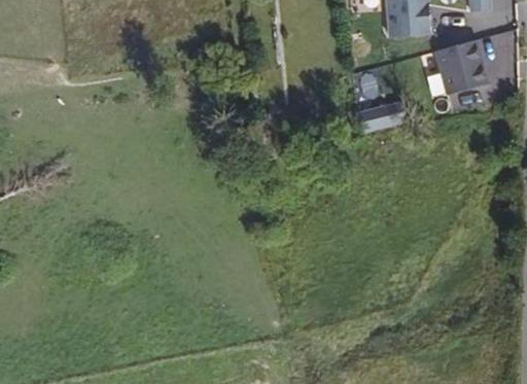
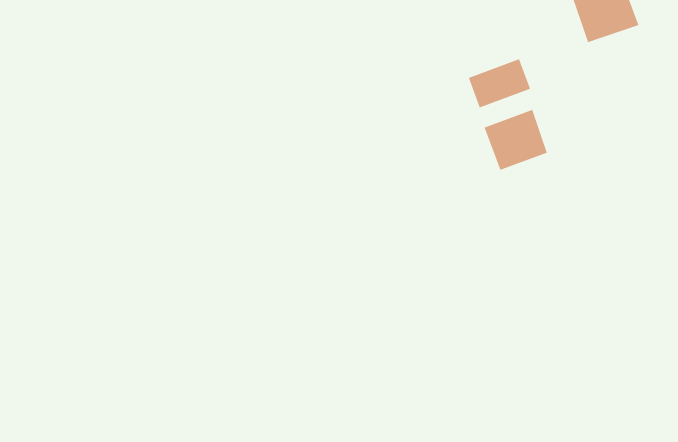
building: none -> [483,109,548,171]

